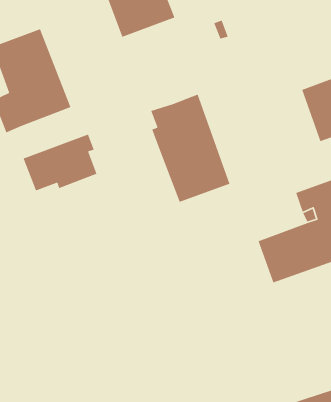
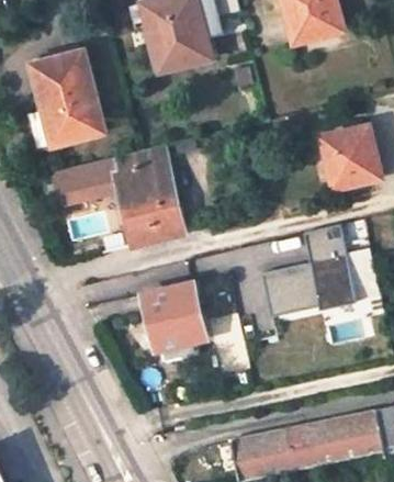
building: [150,94,231,203] -> [115,145,184,246]
building: none -> [138,285,198,351]

